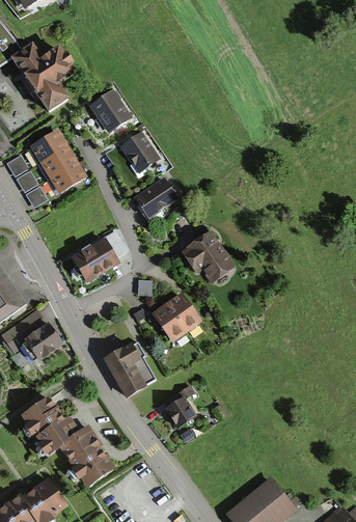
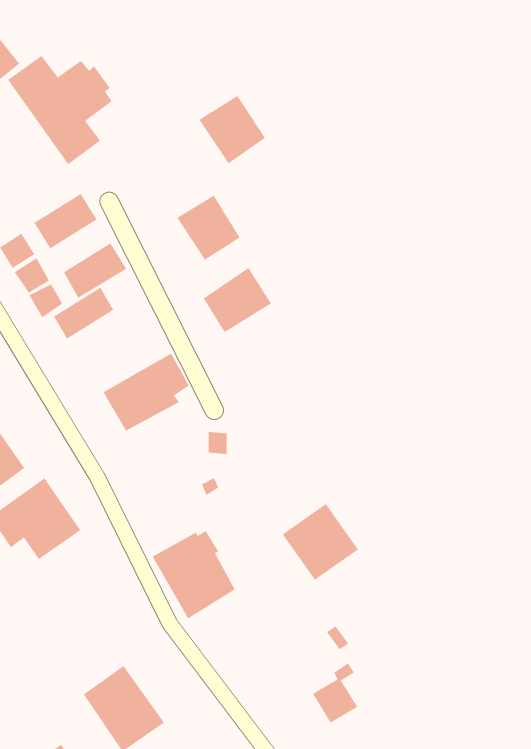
building: [88,89,131,133] -> [199,95,266,164]
building: [38,146,77,180] -> [53,287,114,339]
building: [181,228,237,283] -> none
building: [153,292,201,340] -> [282,503,359,581]
building: [164,387,193,425] -> [312,663,358,723]
building: [21,396,74,454] -> none

